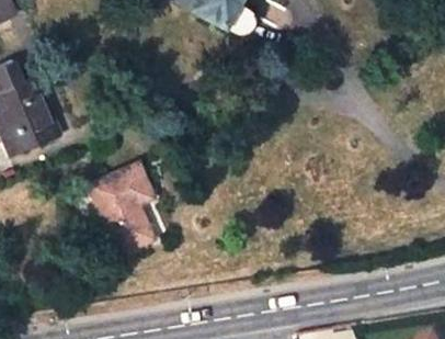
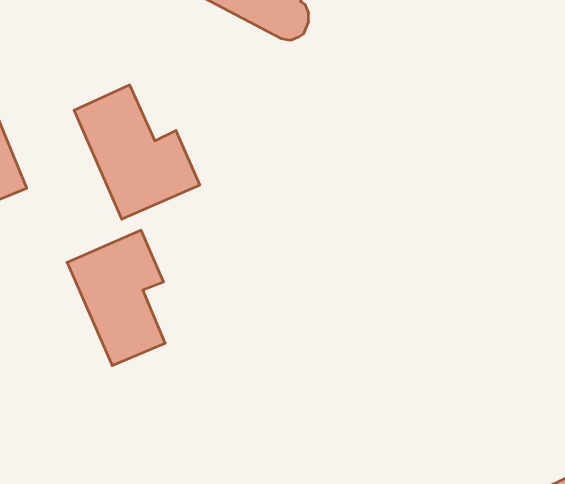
building: none -> [74,85,200,219]

